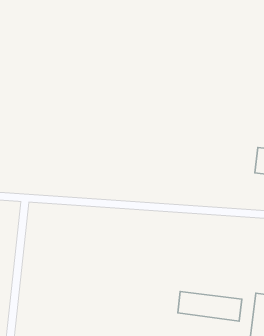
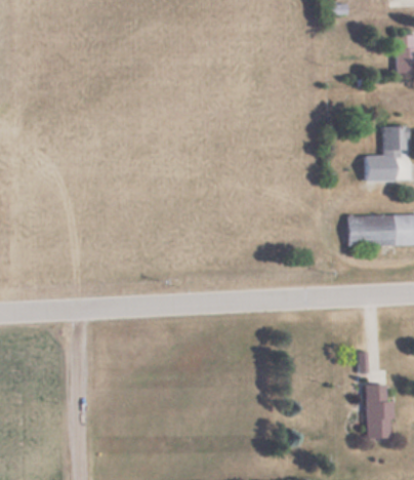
building: [178,292,242,321] -> none

